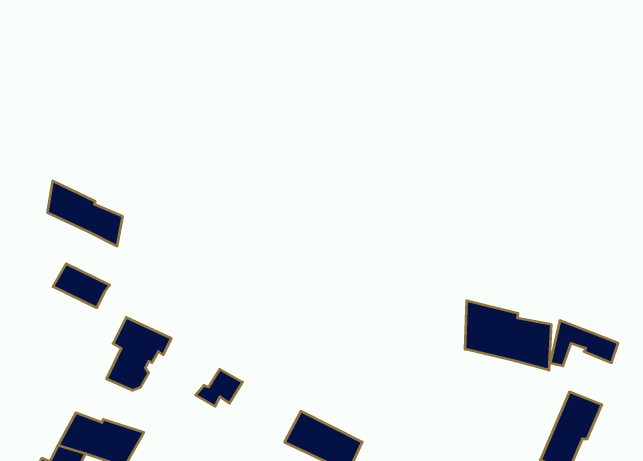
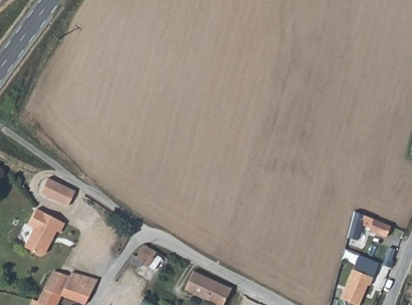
building: [48,181,122,246] -> none
building: [465,301,551,370] -> none
building: [107,317,171,390] -> [25,209,65,255]

